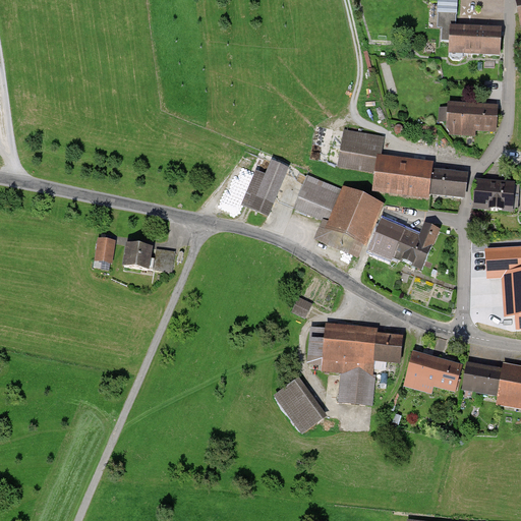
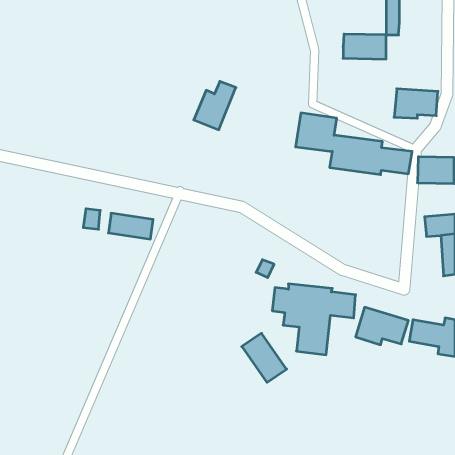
building: [453,25,502,54] -> [343,34,386,59]
building: [241,160,289,215] -> [194,81,236,130]
building: [293,175,443,271] -> none

